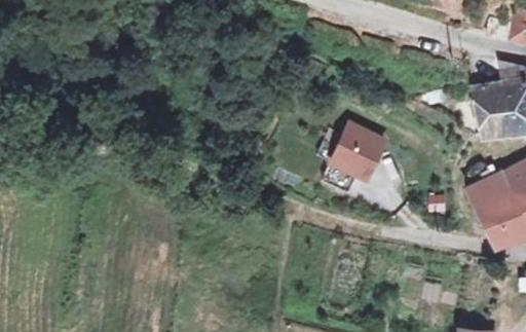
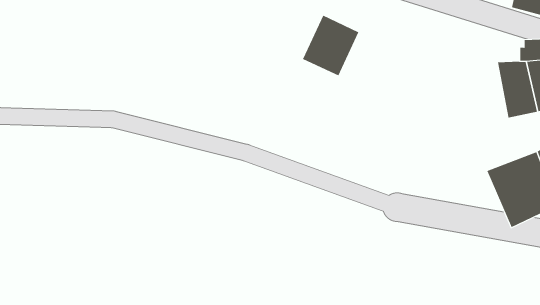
building: [327,119,381,178] -> [302,15,359,76]

